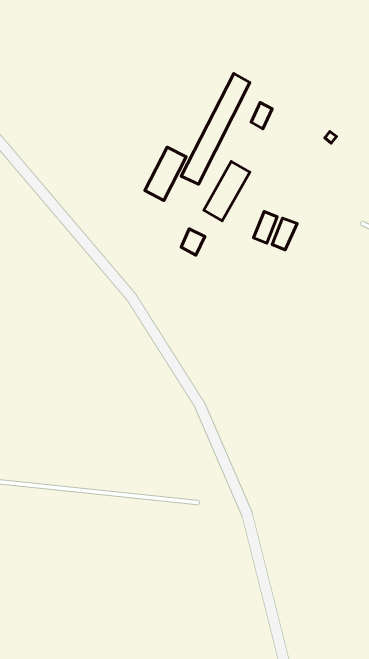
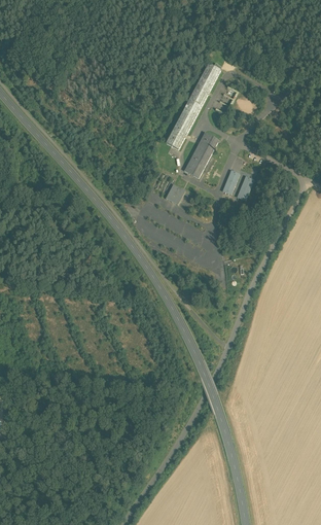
building: [145,147,186,200] -> none

